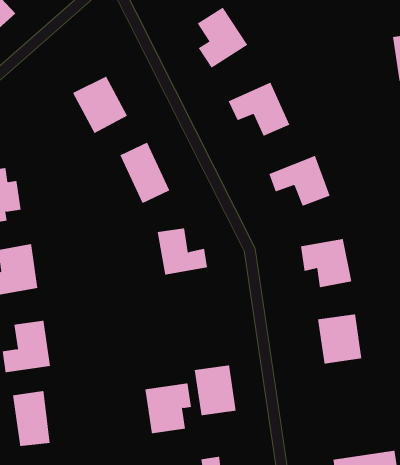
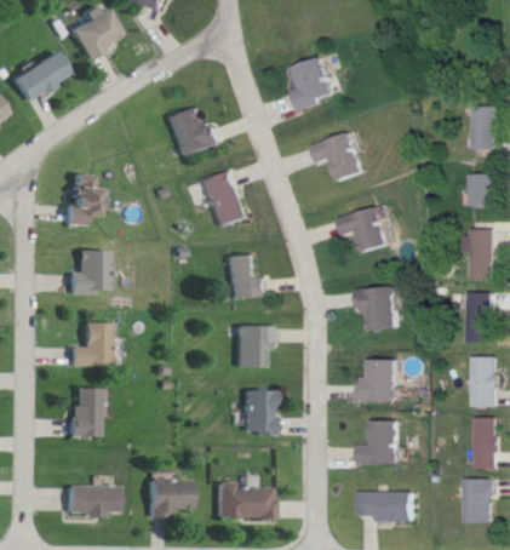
building: none -> [357,419,401,463]
building: [145,383,192,434] -> [231,325,273,367]

